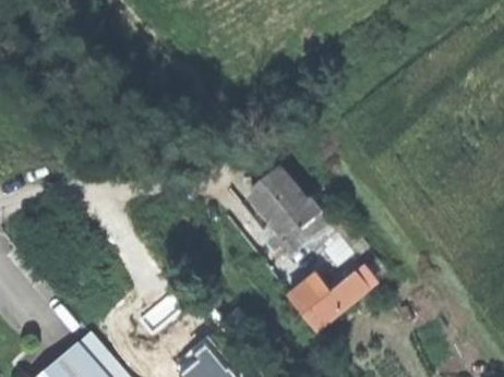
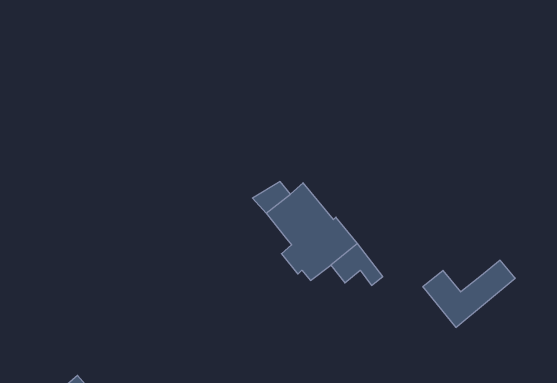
building: [291,268,371,326] -> [423,260,515,327]

